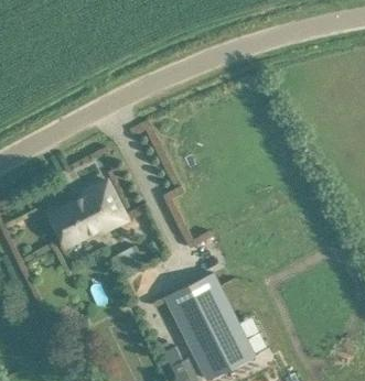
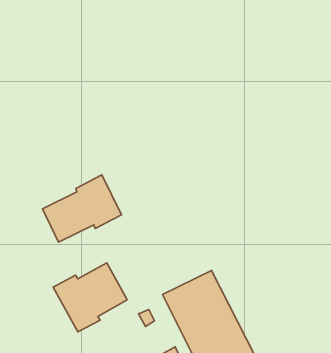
building: none -> [53,263,127,332]

